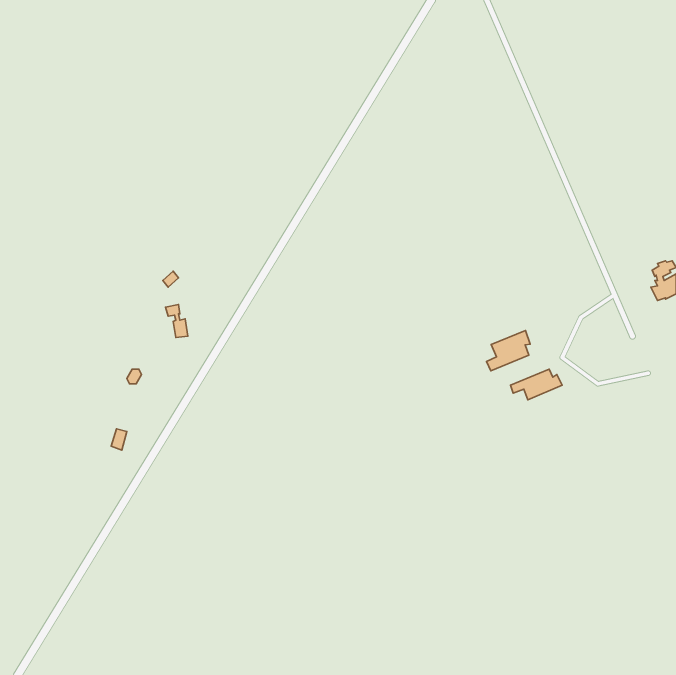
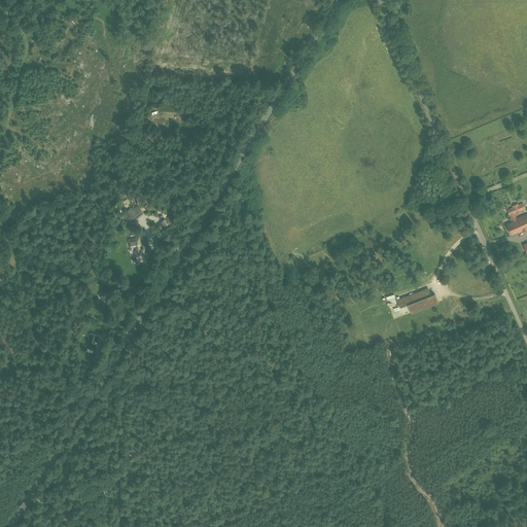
building: [487,331,530,371] -> none

